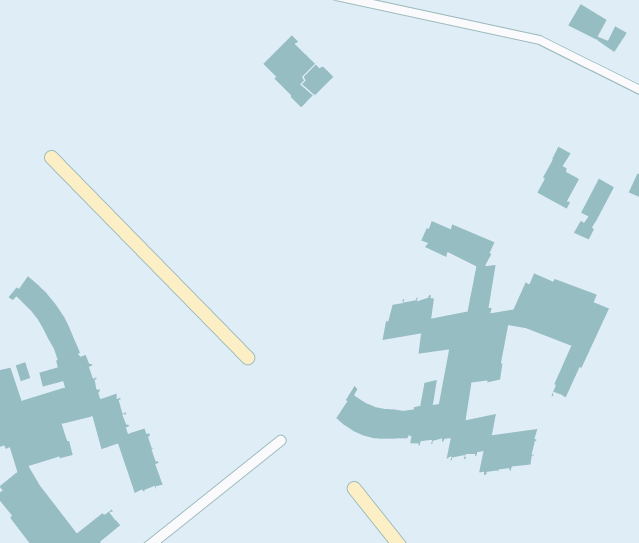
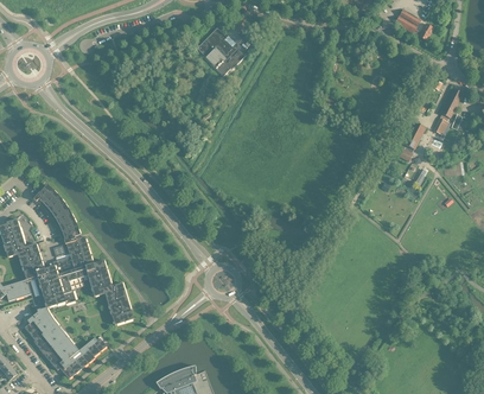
building: [536,146,580,210] -> none
building: [335,220,610,476] -> none

